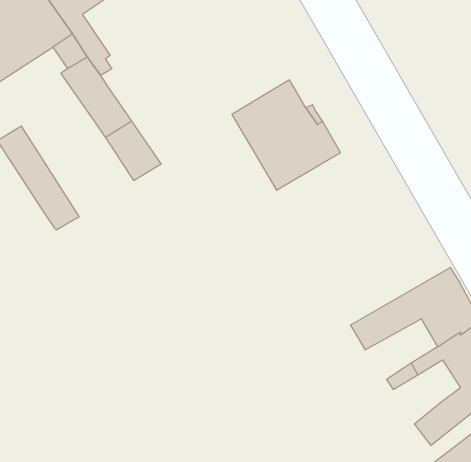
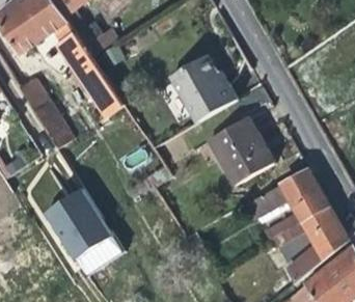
building: none -> [209,118,273,186]
building: none -> [47,186,122,274]

